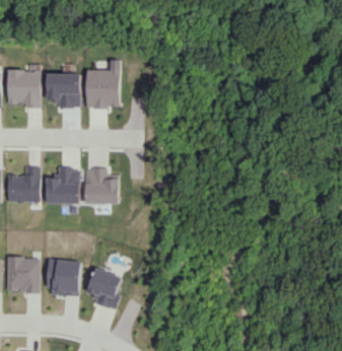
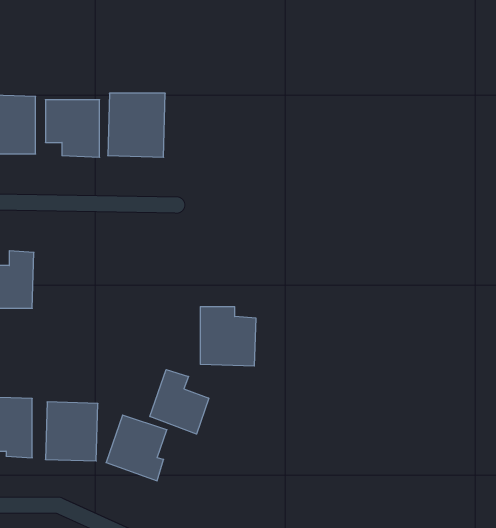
building: [47,167,80,204] -> none
building: [86,168,121,205] -> [200,307,256,366]
building: none -> [150,370,209,434]

